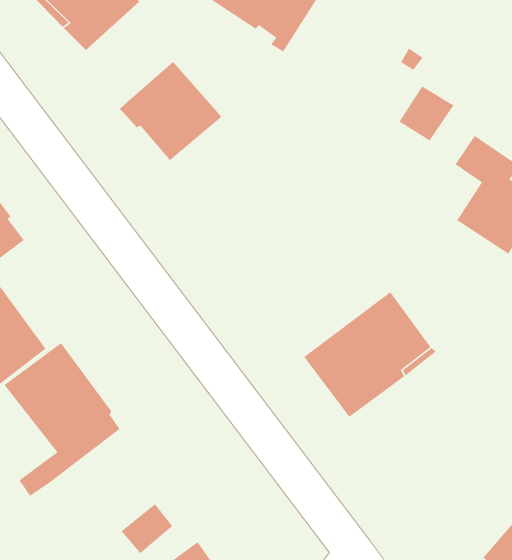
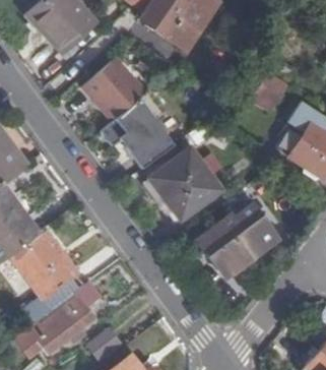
building: none -> [102,89,175,169]
building: none -> [150,148,221,220]
building: none -> [16,296,95,357]

